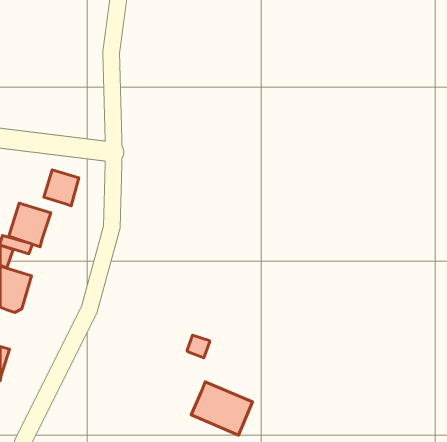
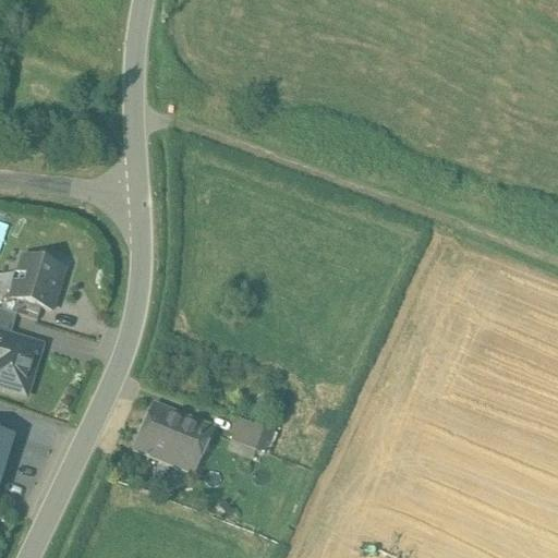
building: [44,170,79,206] -> none
building: [191,382,252,435] -> [135,401,211,468]

